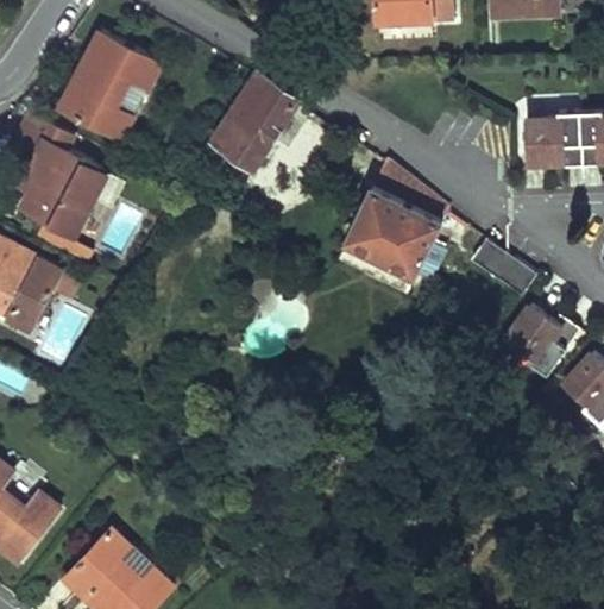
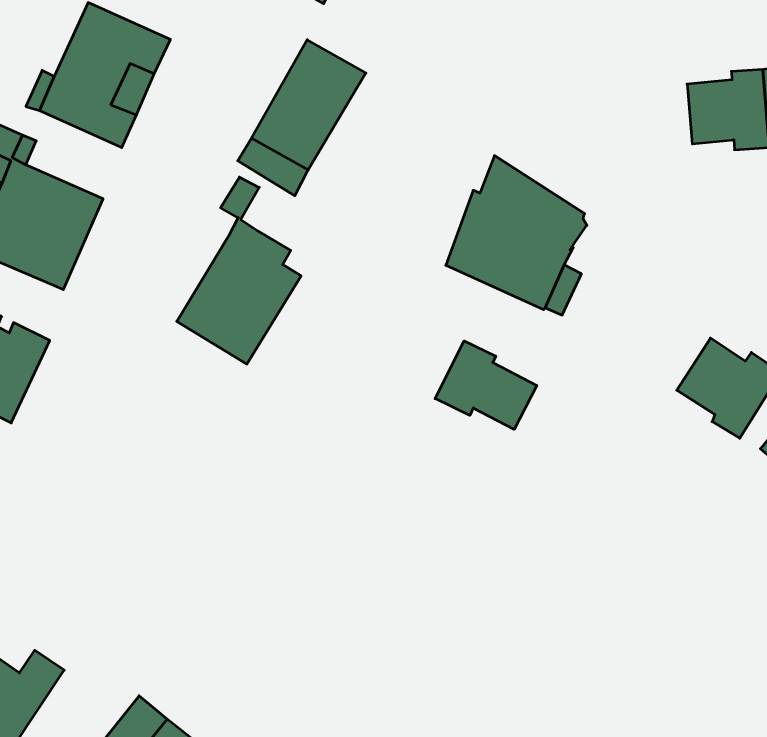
building: none -> [177,177,301,364]
building: [470,239,535,296] -> none
building: none -> [435,341,537,429]

